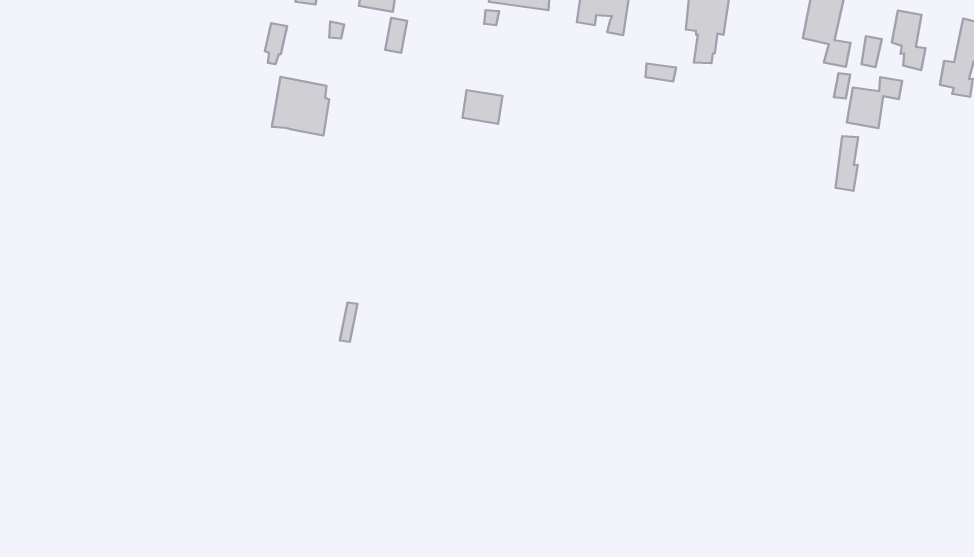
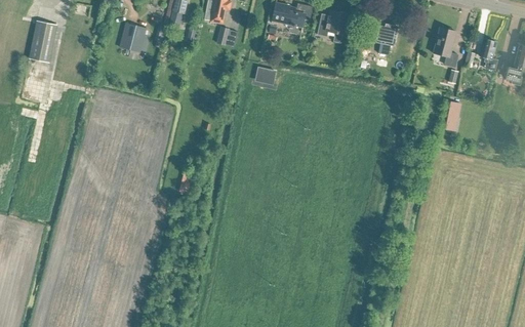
building: none -> [28,21,56,63]
building: [272,77,329,135] -> [119,23,150,54]
building: [847,77,902,128] -> none

